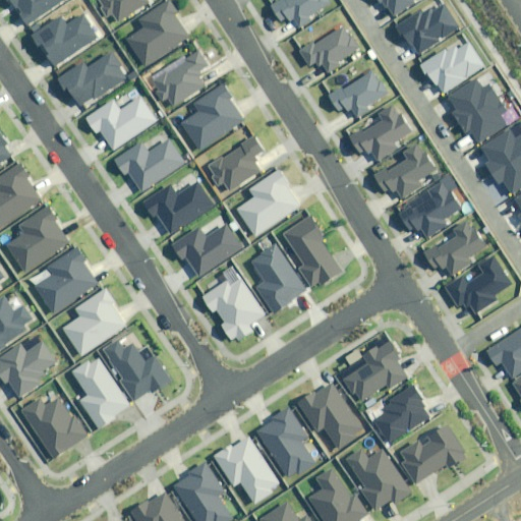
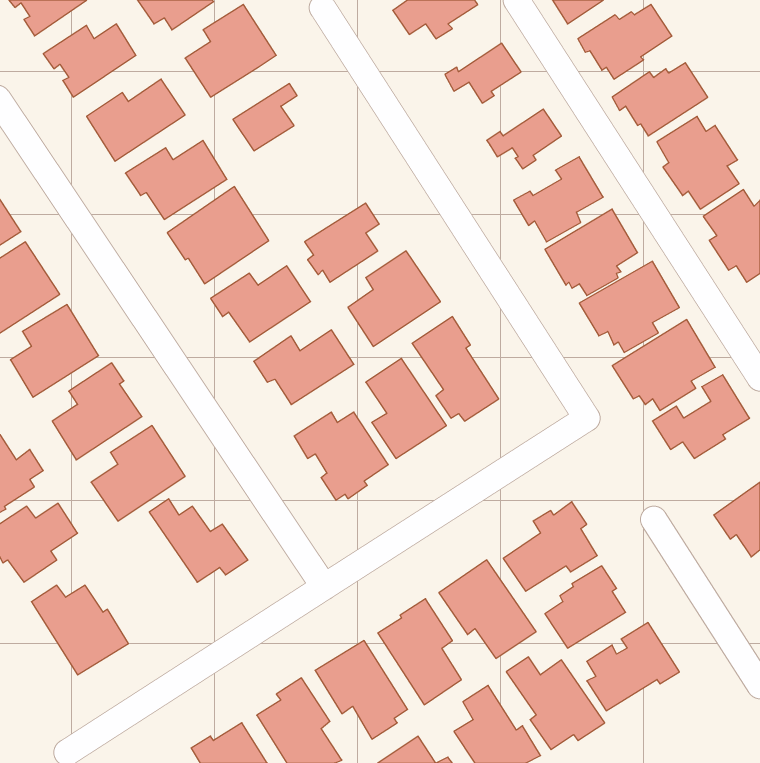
building: [180,84,243,151] -> none
building: [71,356,129,429] -> none

